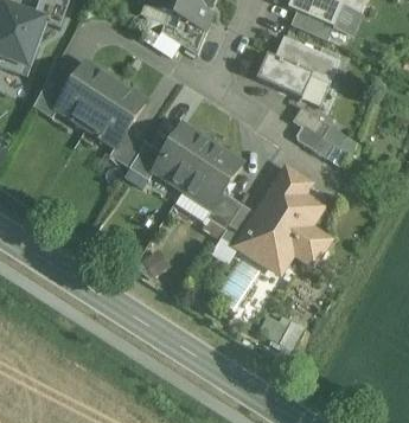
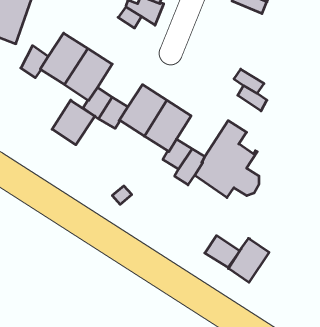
building: [257,36,339,98] -> none
building: none -> [52,100,95,145]
building: none -> [228,238,269,282]

